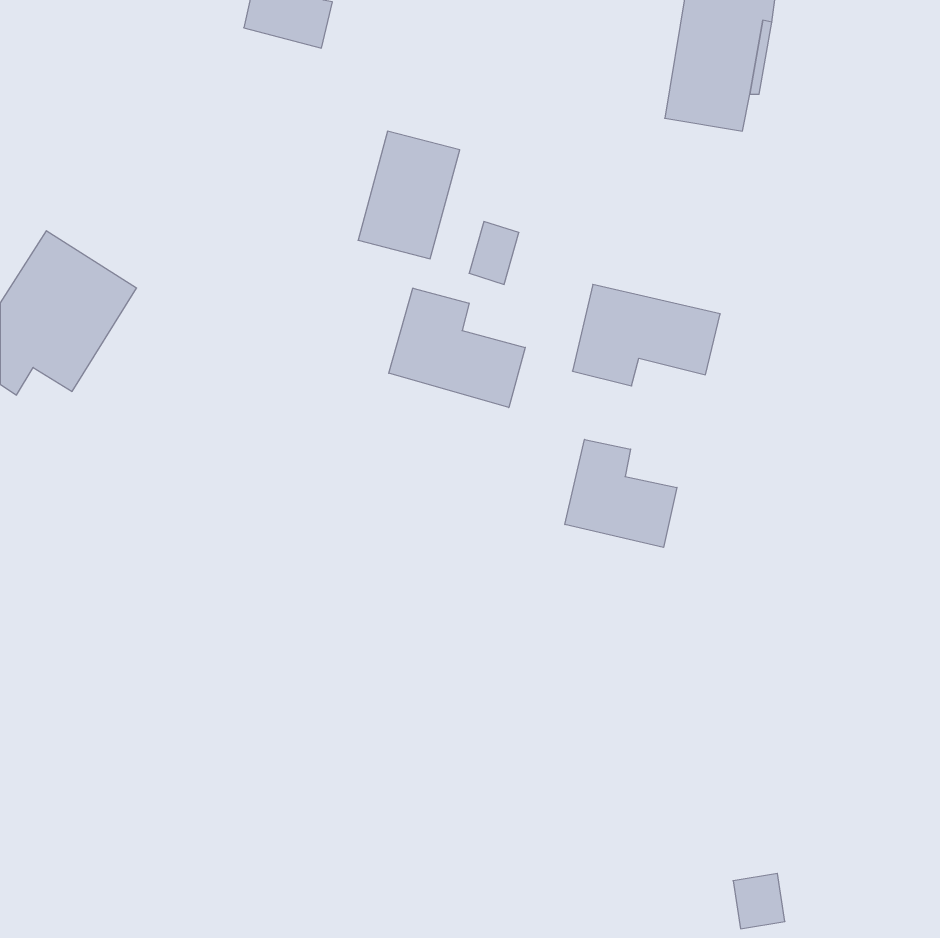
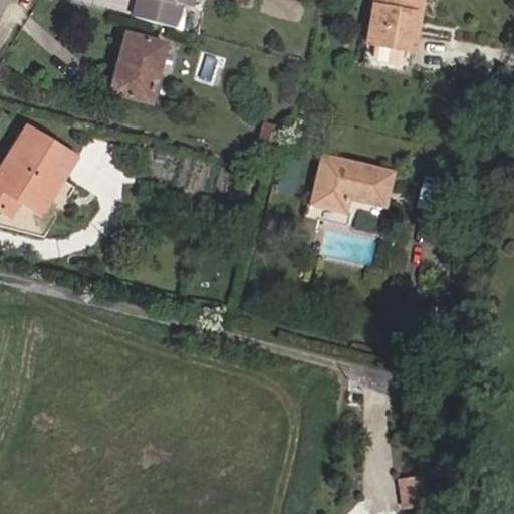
building: [358,131,460,259] -> [110,32,166,101]
building: [389,288,525,408] -> none
building: [565,439,677,547] -> none

